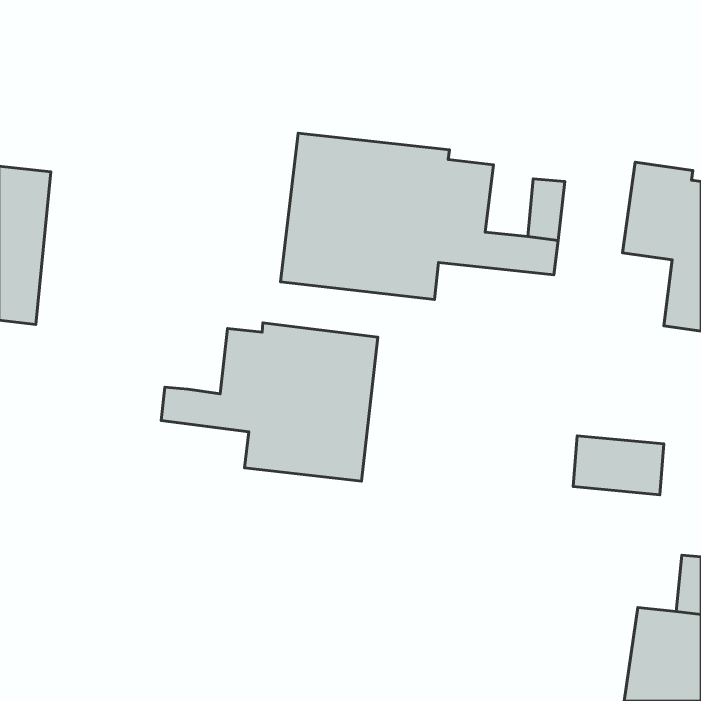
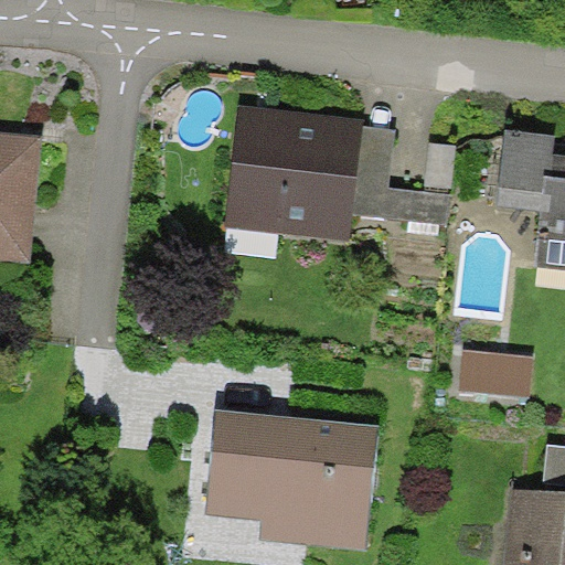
building: [161,323,378,481] -> none
building: none -> [209,413,376,548]

